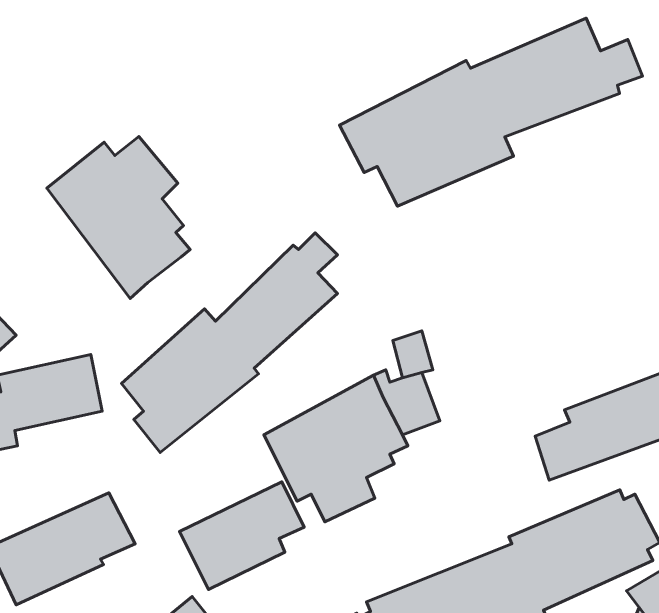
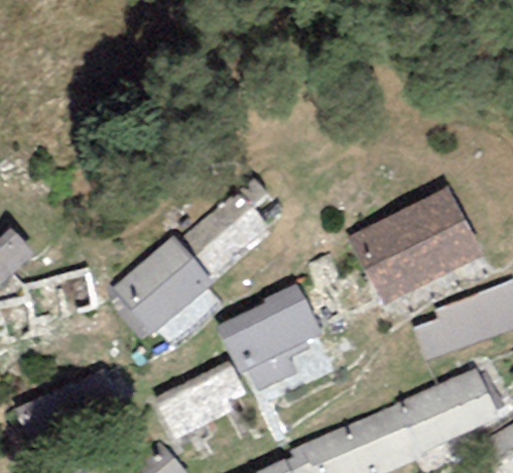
building: [340,18,642,206] -> none
building: [47,136,190,299] -> none
building: none -> [353,195,476,302]

